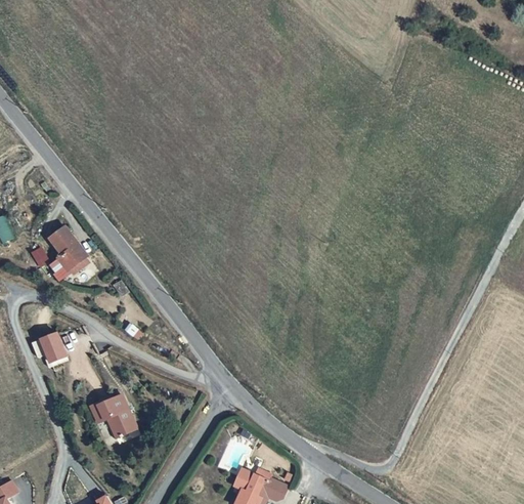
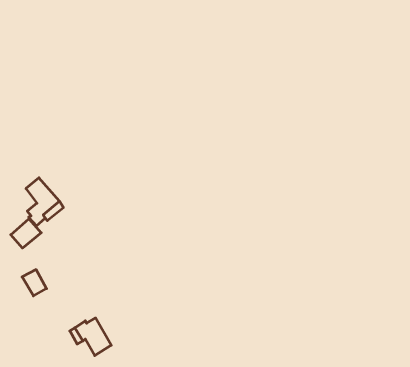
building: none -> [11,219,41,248]

